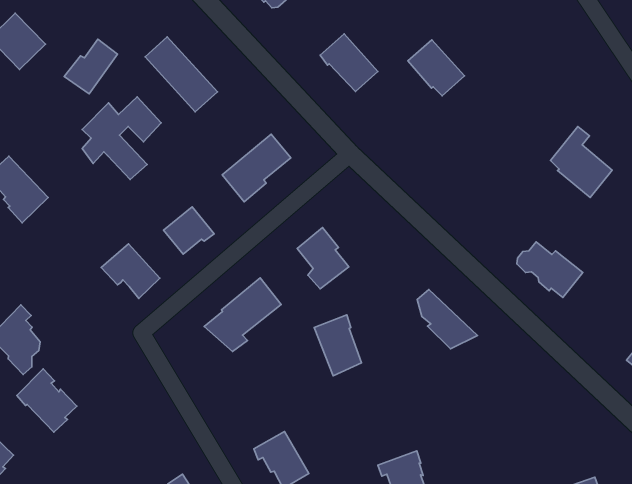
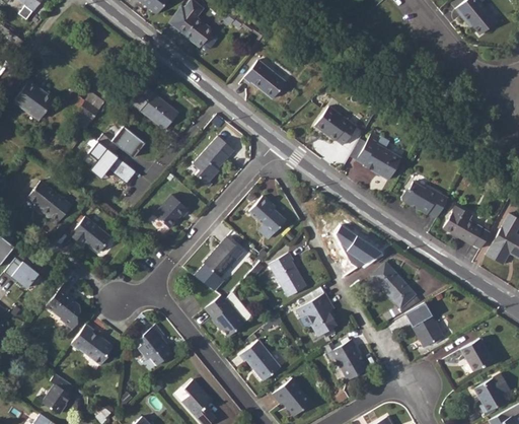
building: [408,40,464,96] -> [316,108,357,145]
building: [550,127,612,198] -> [358,133,401,181]
building: [101,244,160,298] -> [71,216,113,253]
building: none -> [445,202,483,243]
building: none -> [366,264,415,307]
building: none -> [206,295,246,337]
building: none -> [297,291,338,336]
building: none -> [139,324,175,365]
building: none -> [409,302,443,346]

